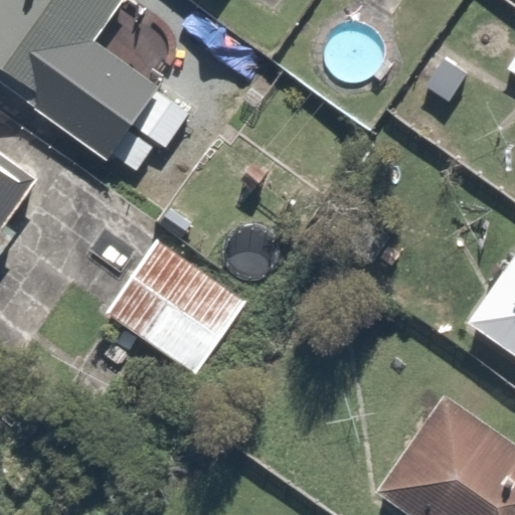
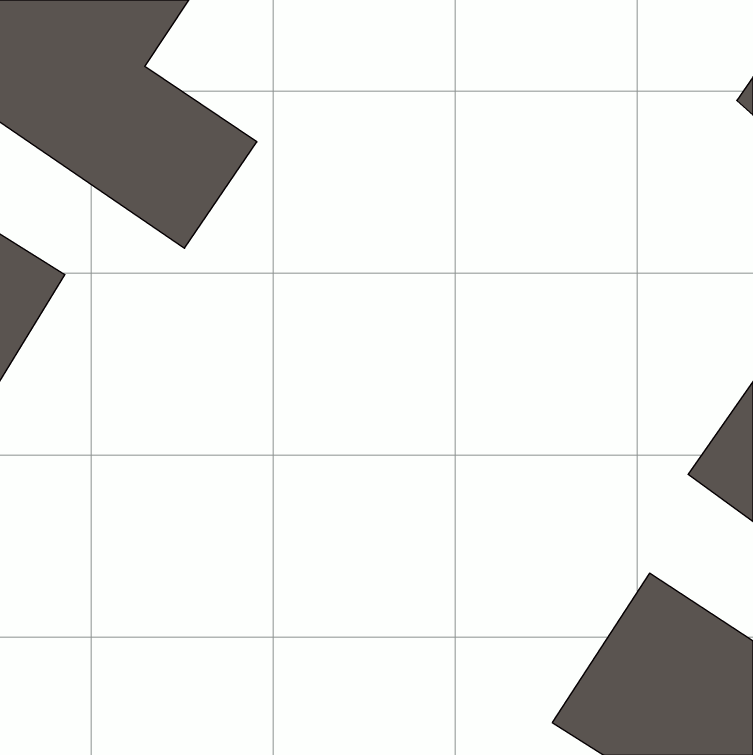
building: [104,236,254,383] -> none

